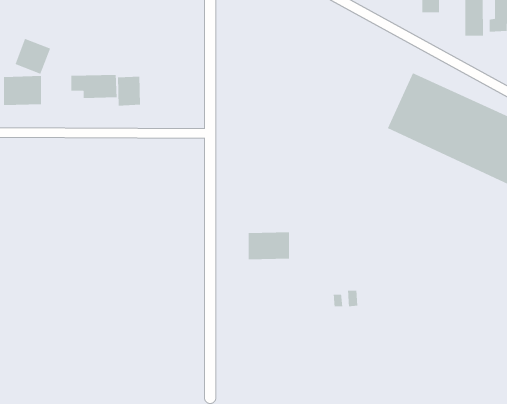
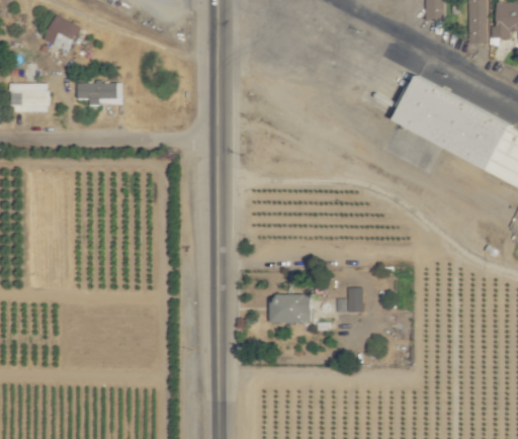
building: [14,38,51,75] -> [45,13,81,50]
building: [117,76,141,106] -> none
building: [248,231,290,260] -> [270,292,312,321]

